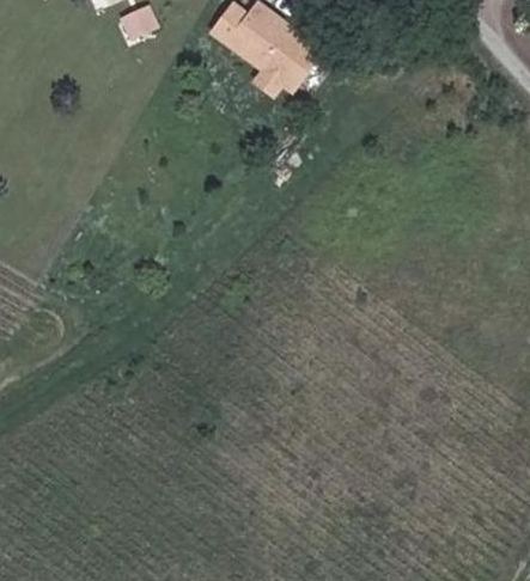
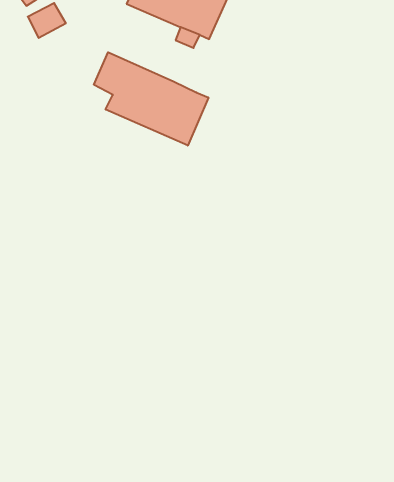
building: none -> [94,52,208,146]

